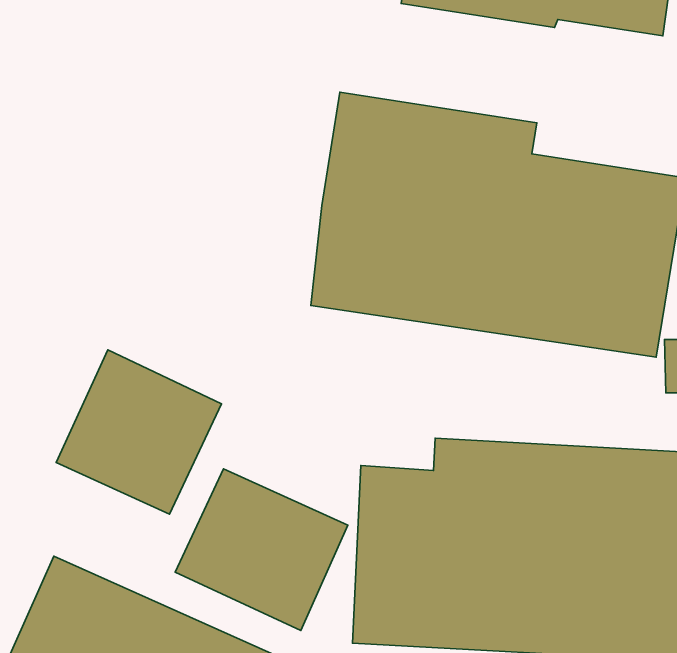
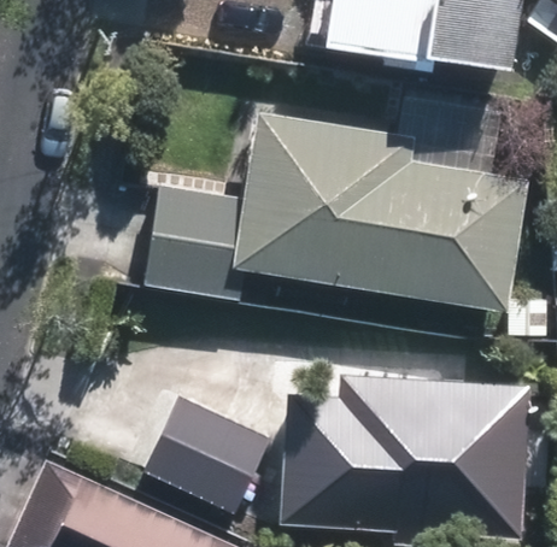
building: none -> [142,184,254,301]
building: [56,350,222,514] -> none

